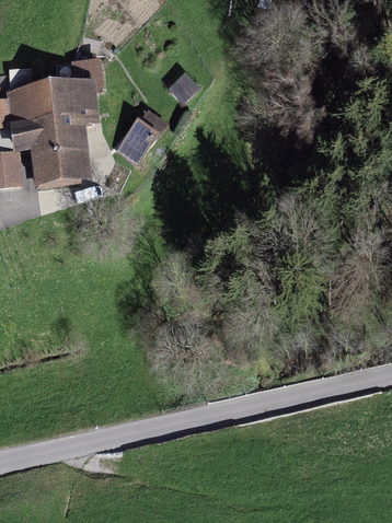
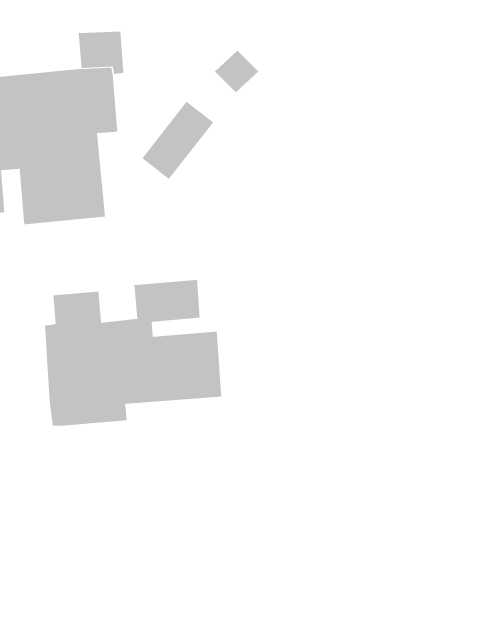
building: none -> [44,279,222,426]

